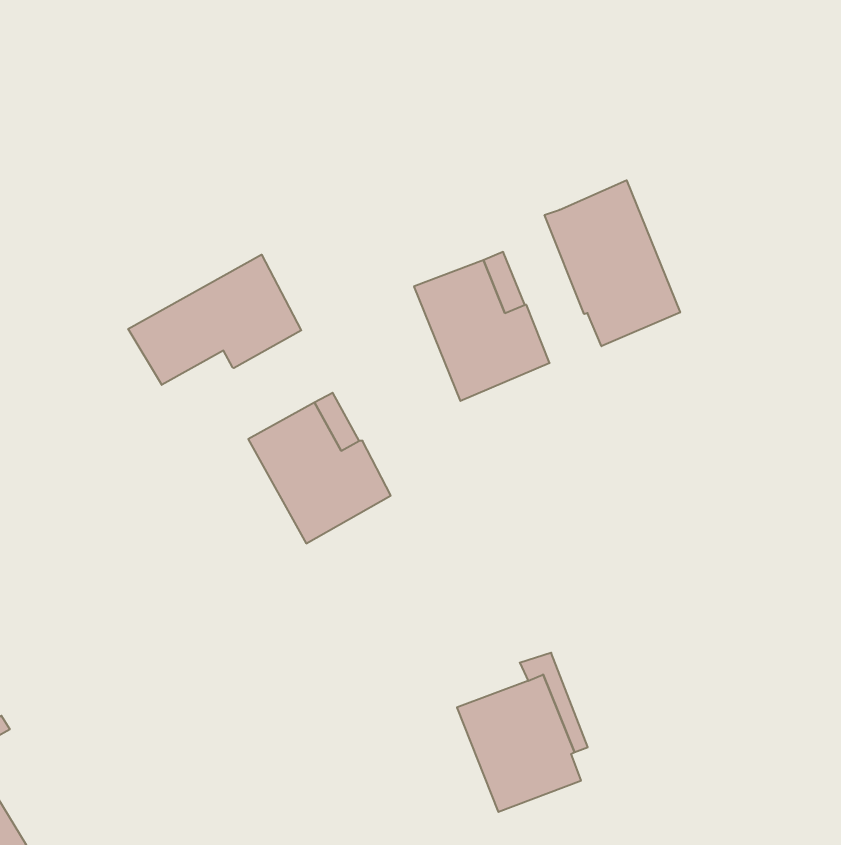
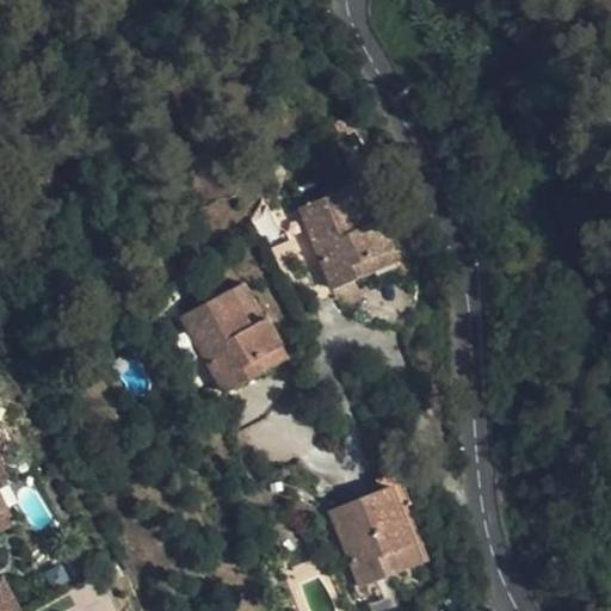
building: [545,180,680,346] -> none
building: [128,255,301,385] -> none

